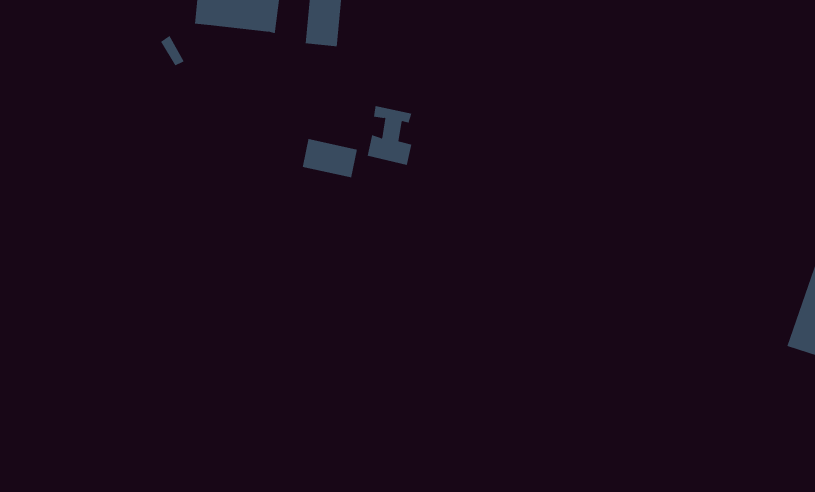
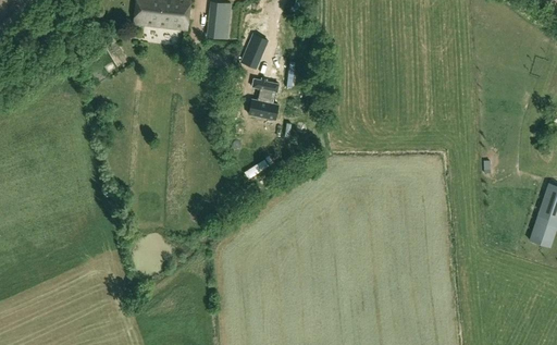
building: none -> [242,34,269,69]
building: [302,138,358,178] -> none

